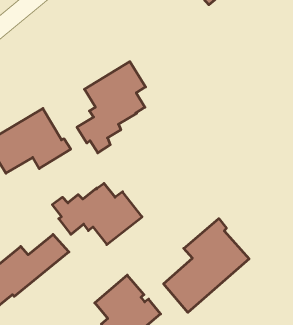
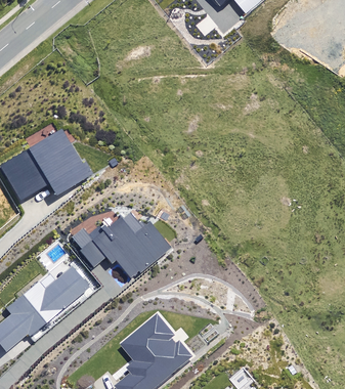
building: [77,62,146,153] -> none
building: [164,219,249,312] -> none

